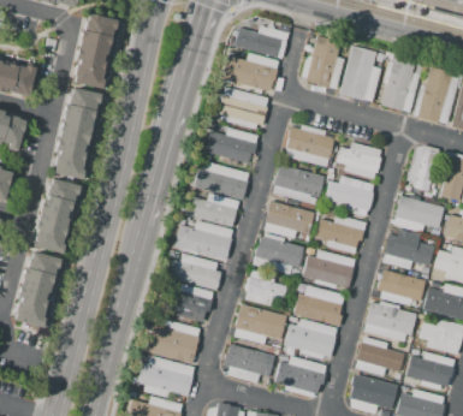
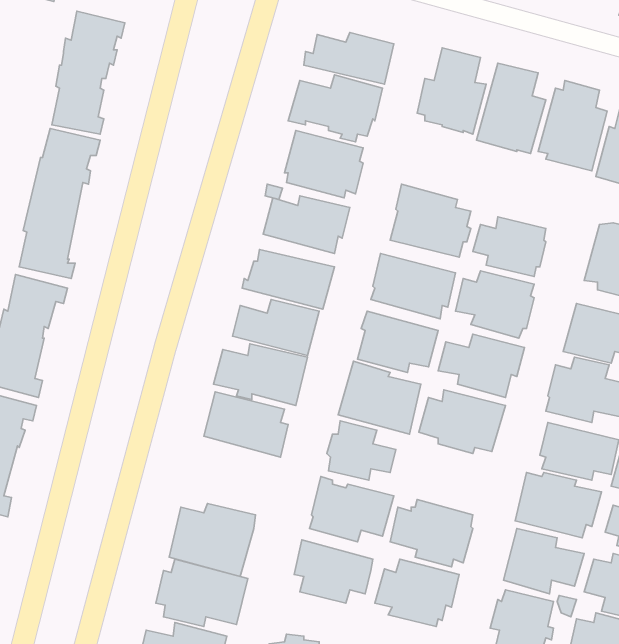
building: [172,284,215,323] -> none
building: [293,285,345,327] -> none

